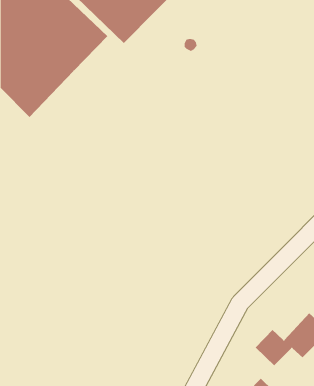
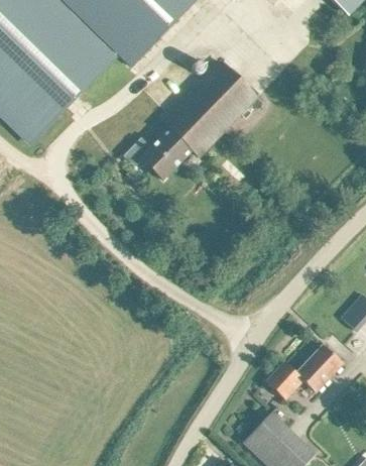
building: none -> [122,63,257,180]

